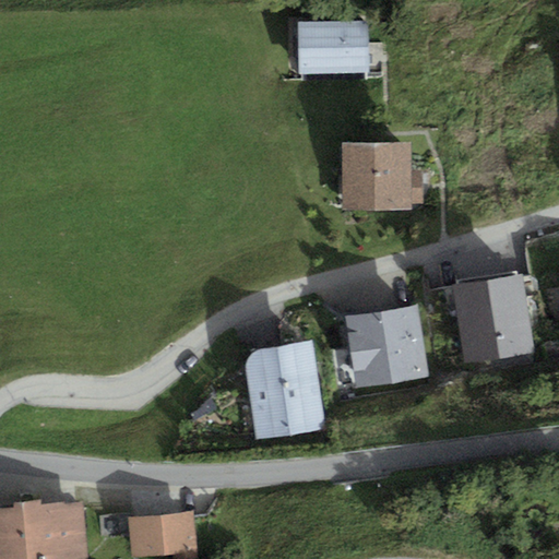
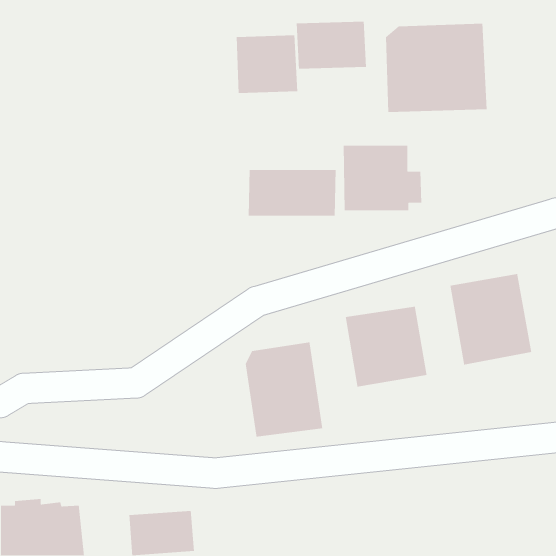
building: none -> [385,23,487,113]
building: none -> [236,35,298,94]
building: none -> [248,169,336,217]

